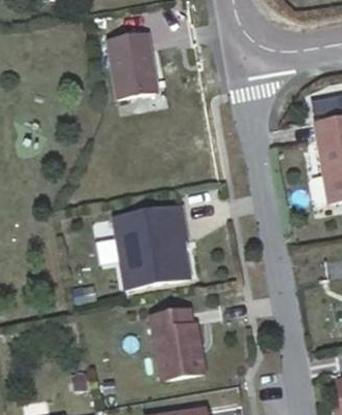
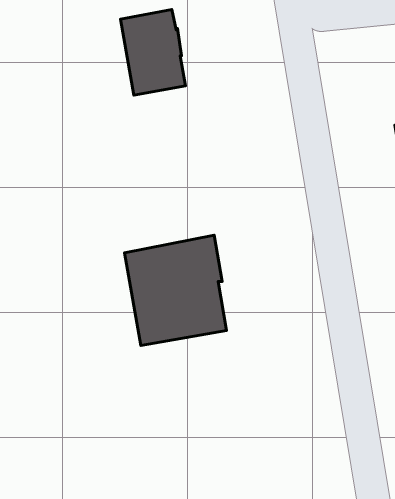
building: [149,308,206,379] -> none

